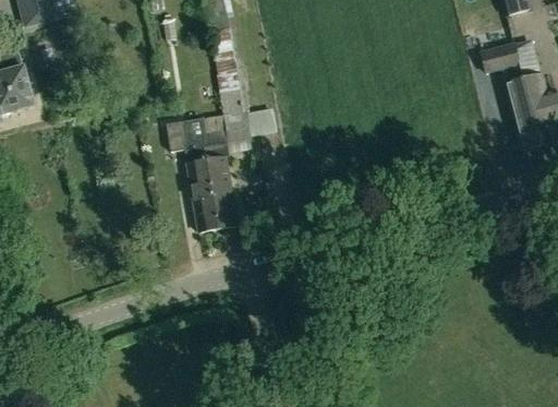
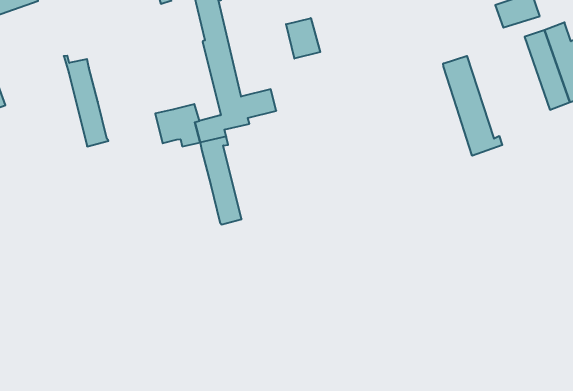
building: none -> [286,18,320,59]
building: none -> [443,56,502,156]
building: [184,147,218,230] -> [64,56,108,146]

